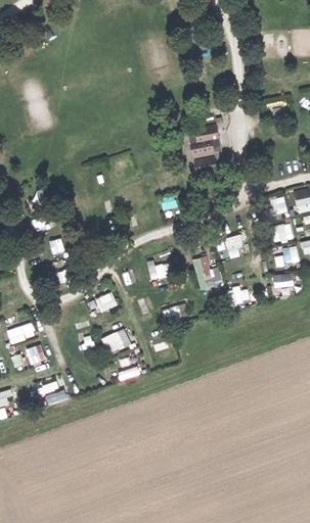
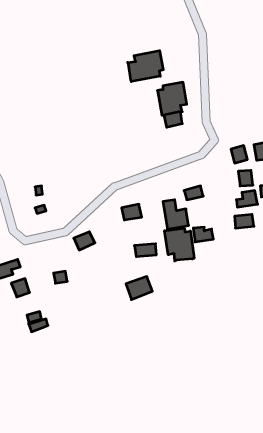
building: none -> [128,51,163,82]
building: none -> [165,228,194,261]
building: [101,329,131,354] -> [126,277,152,300]

